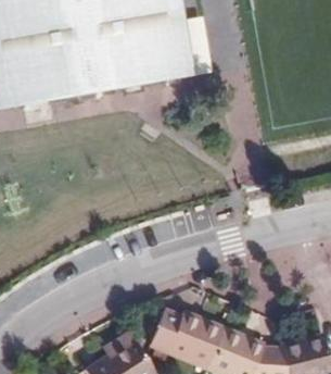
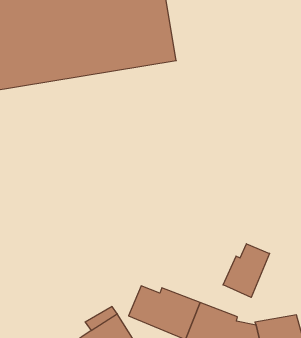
building: none -> [223,244,270,297]

